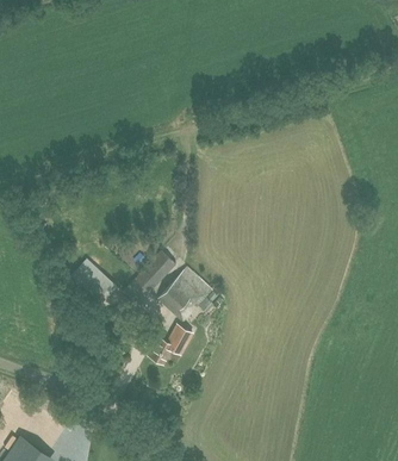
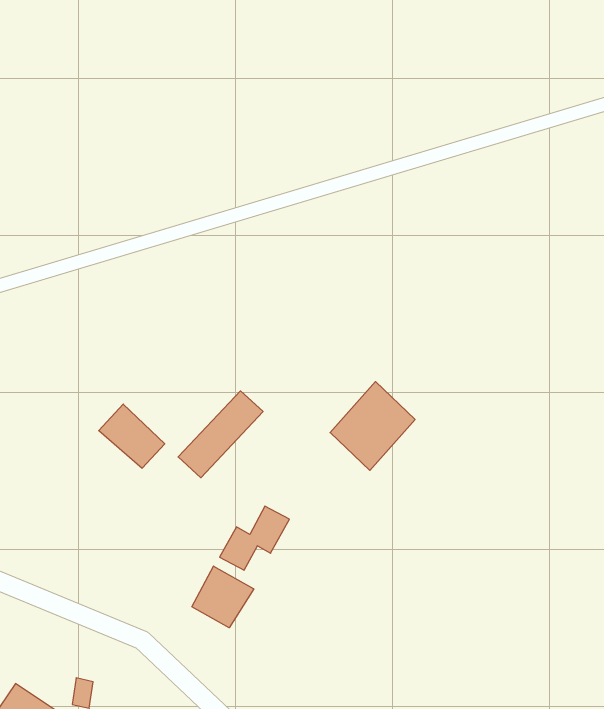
building: [158,267,212,323] -> [330,382,415,470]
building: none -> [192,566,254,628]

